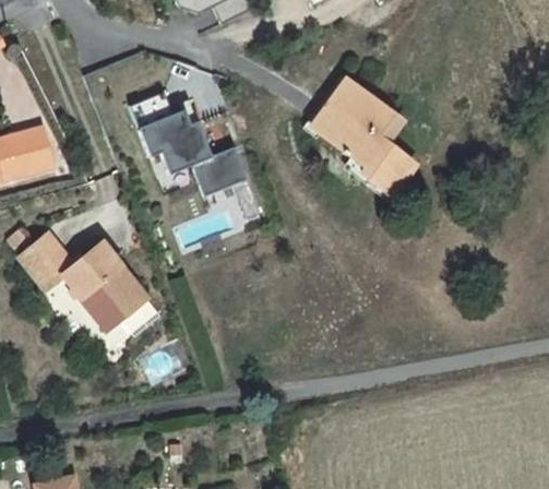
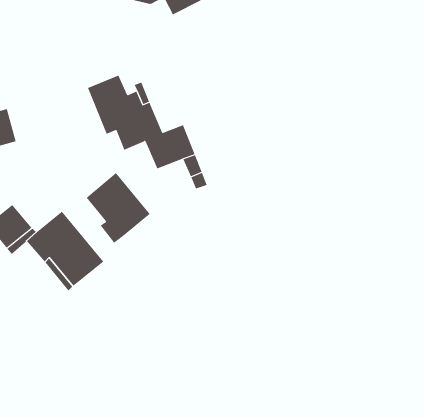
building: [319,79,415,194] -> none
building: none -> [86,172,150,243]

